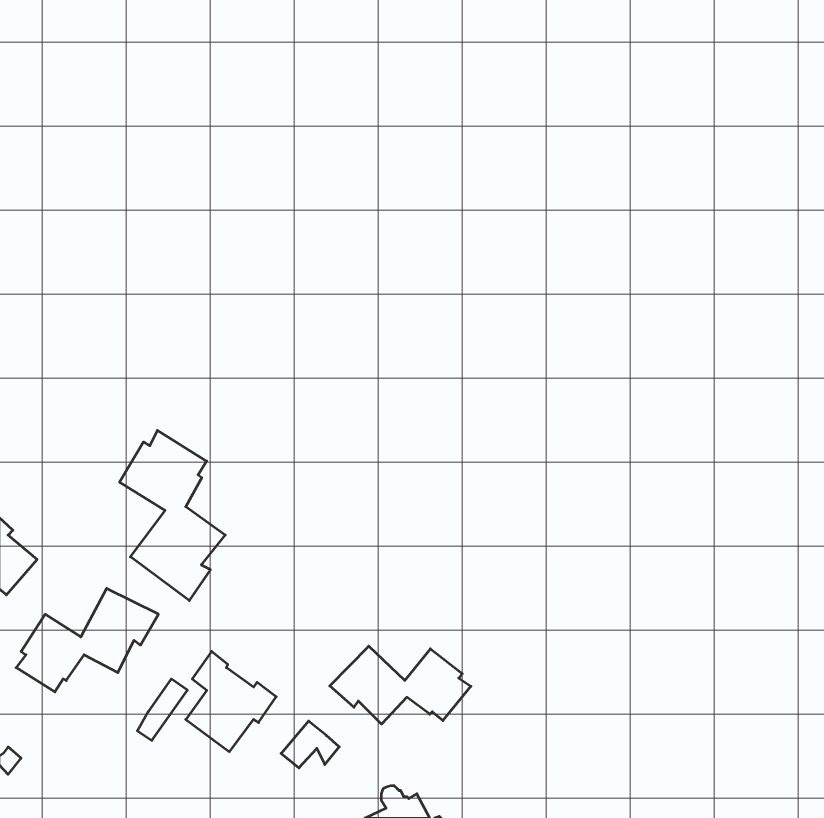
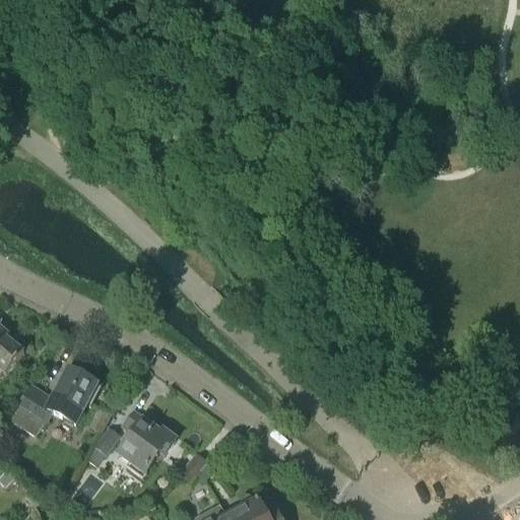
building: [120,430,225,601] -> none
building: [330,646,471,724] -> none

